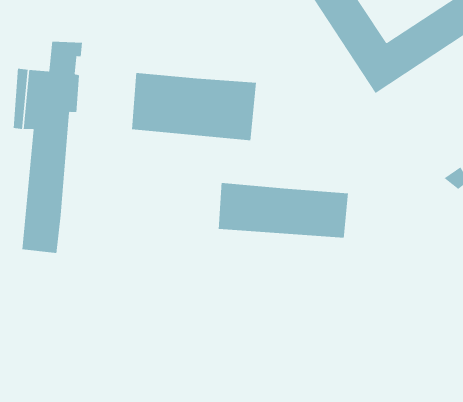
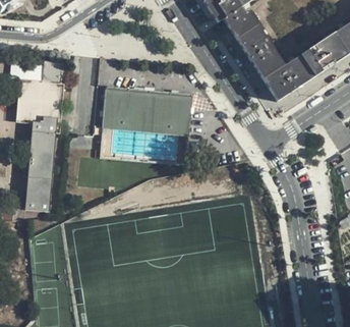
building: [218,182,348,239] -> none

